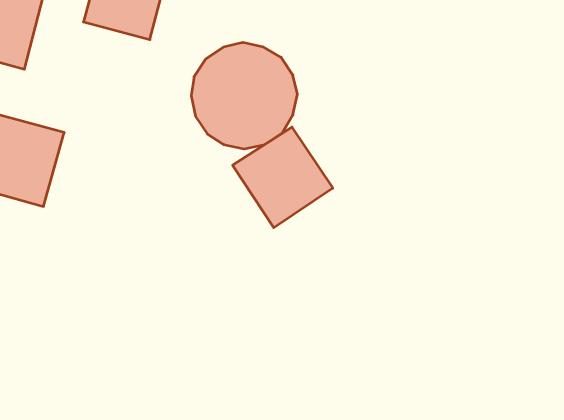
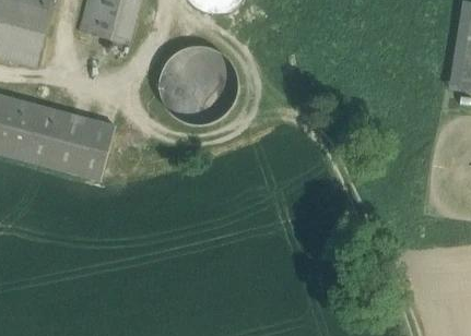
building: [233,127,333,228] -> none
building: none -> [50,112,116,180]

